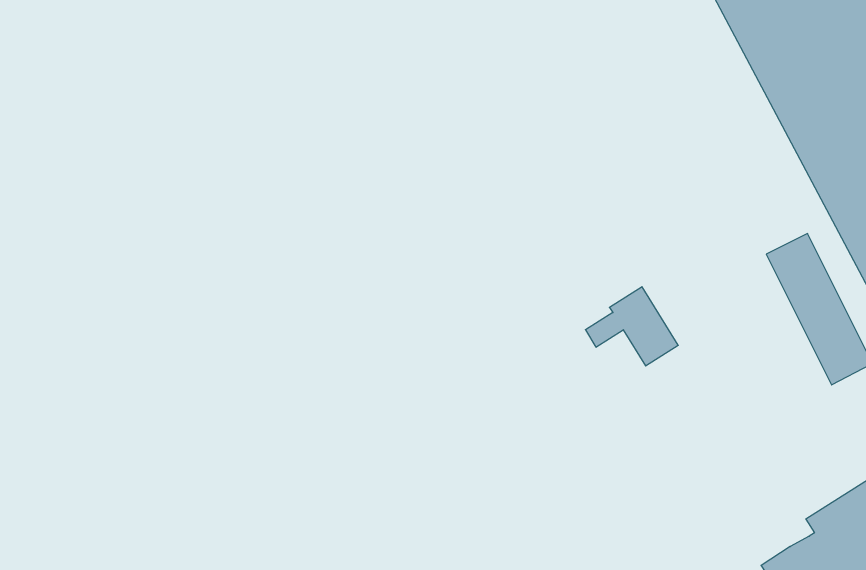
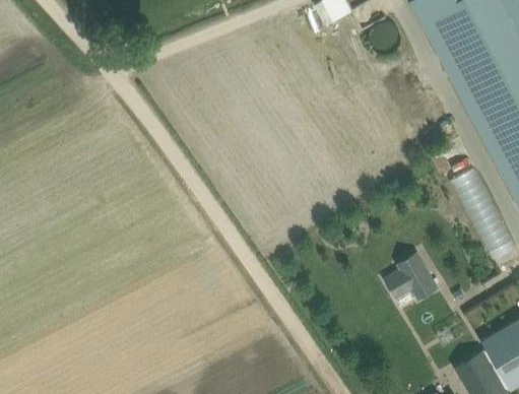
building: [585,287,678,366] -> [383,255,438,302]

